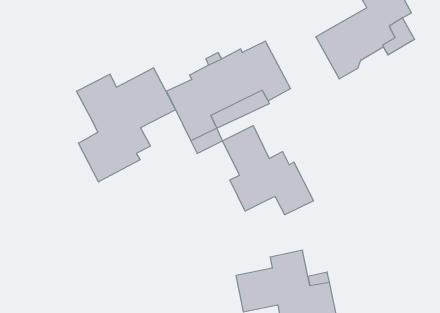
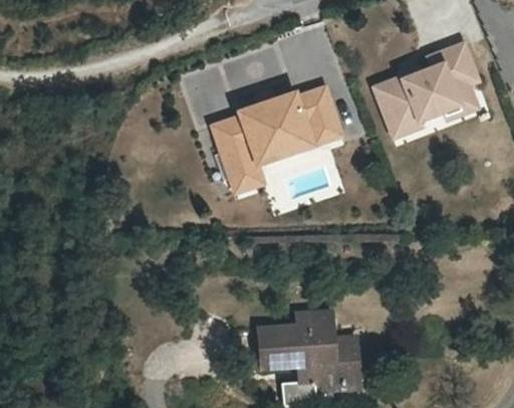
building: [77,68,176,182] -> none
building: [222,126,313,215] -> none

